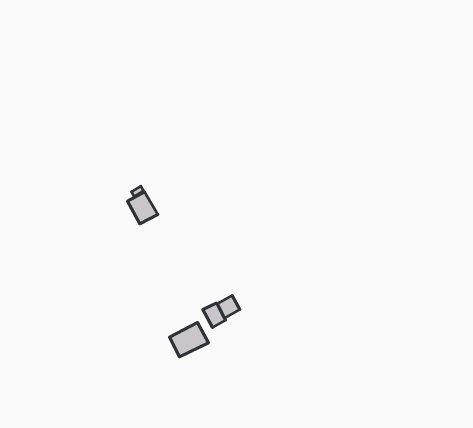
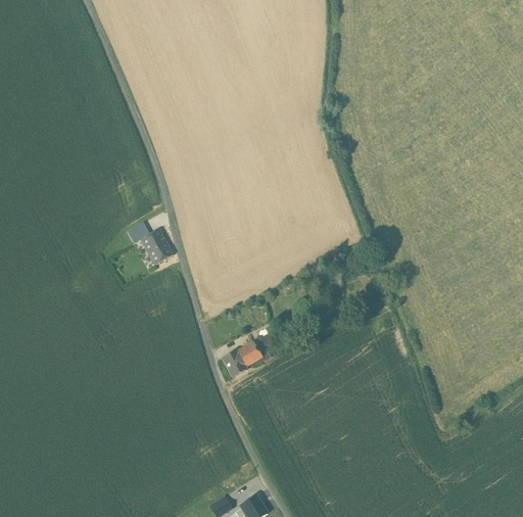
building: [169,322,209,357] -> none

